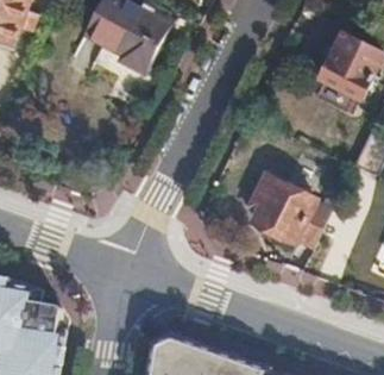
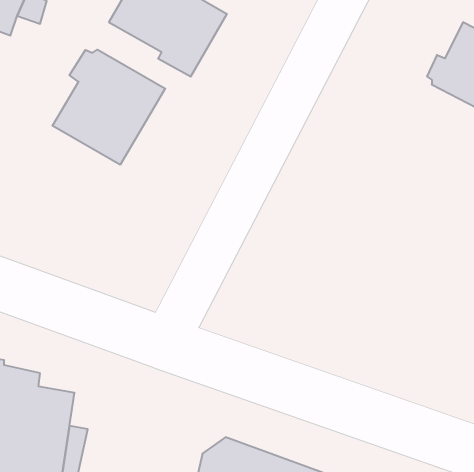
building: none -> [52,50,165,165]
building: [250,173,327,243] -> none

